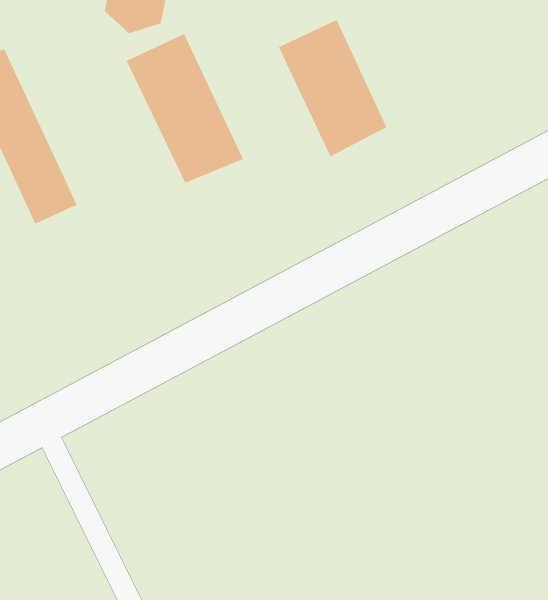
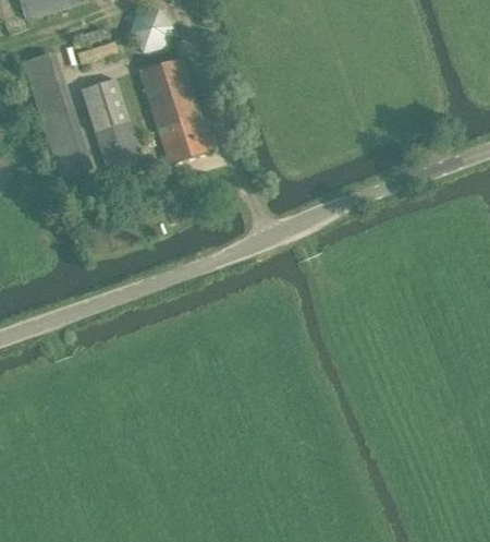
building: [278,19,387,157] -> none
building: none -> [81,77,143,172]

